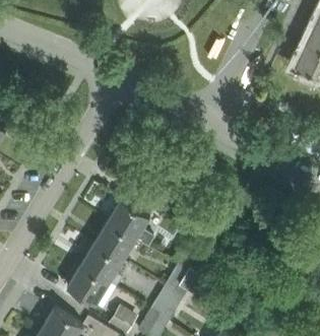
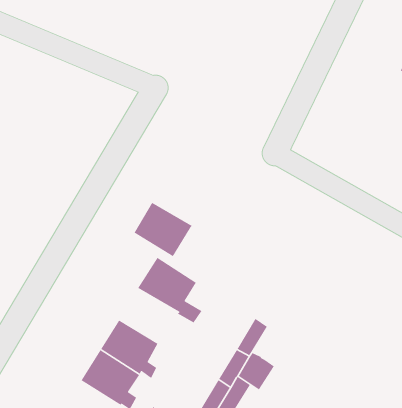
building: [93,222,136,262] -> [133,202,193,257]

